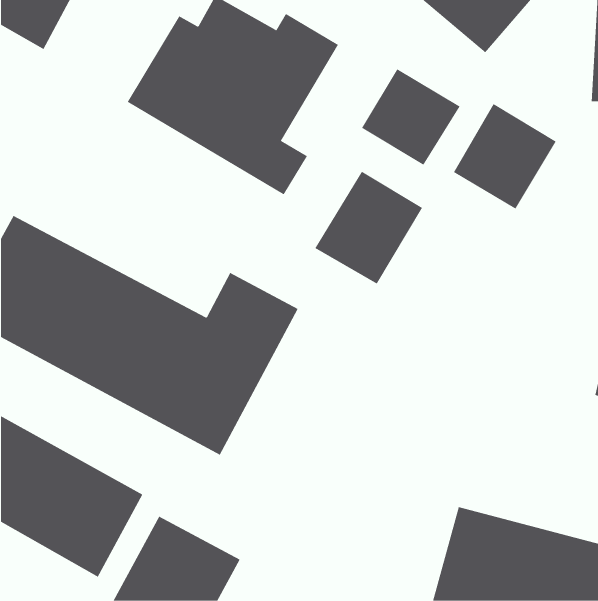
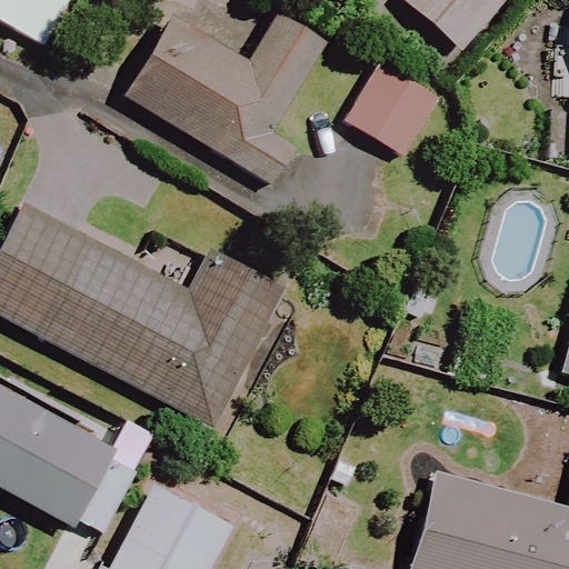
building: [453,103,556,210] -> none
building: [315,171,423,284] -> none

